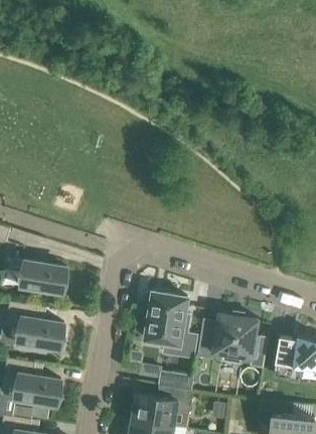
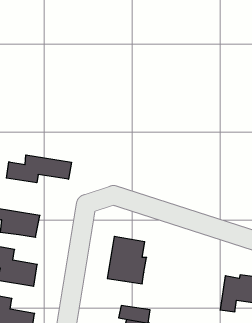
building: none -> [6,155,71,183]
building: [197,314,267,370] -> none

